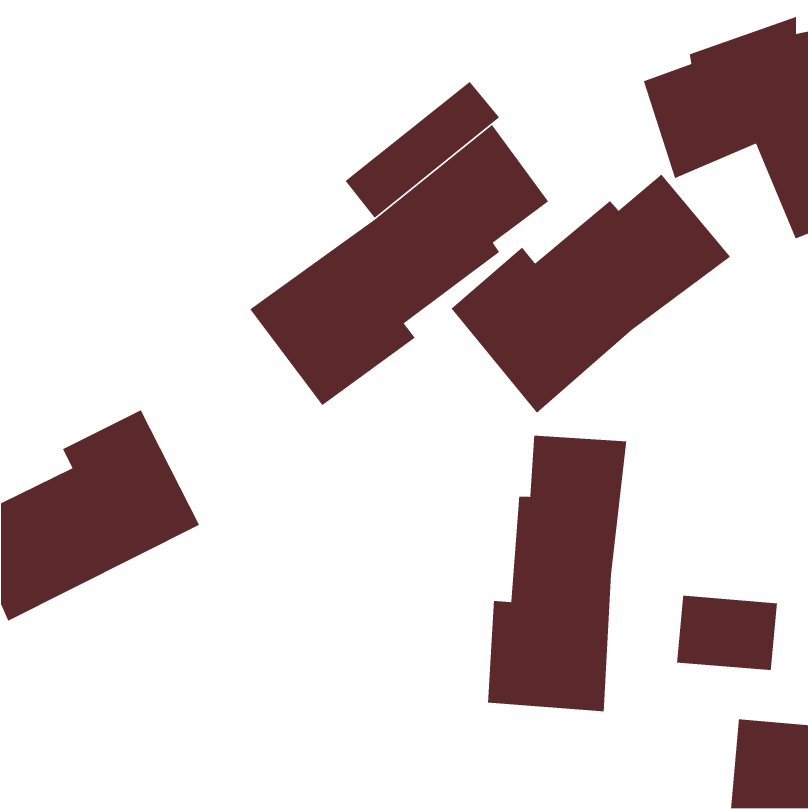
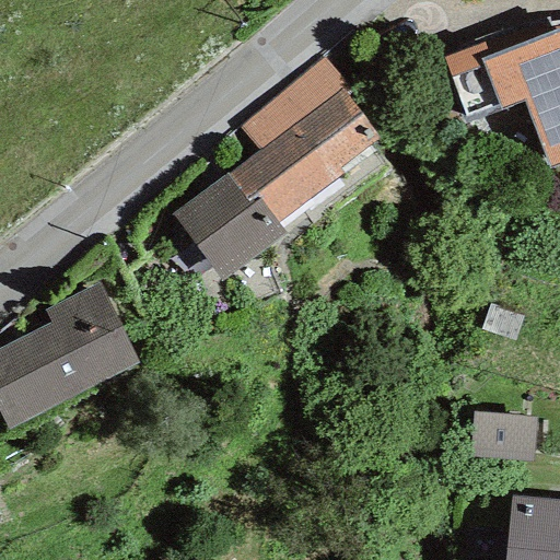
building: [451,173,731,414] -> none
building: [487,435,627,712] -> none

